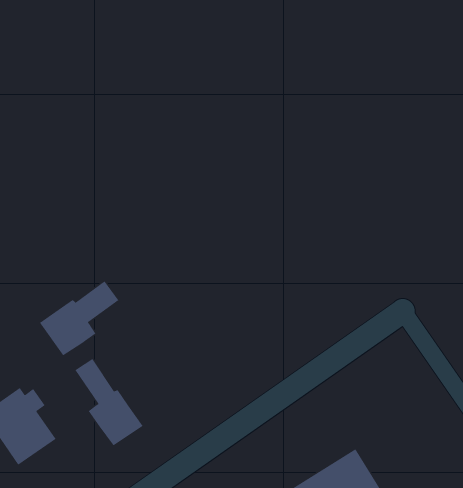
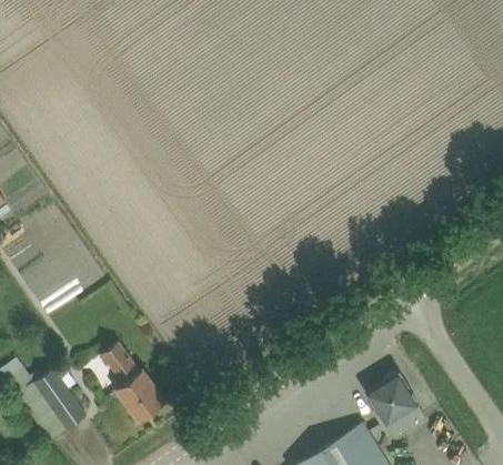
building: [39,280,119,356] -> none
building: none -> [365,372,425,438]

